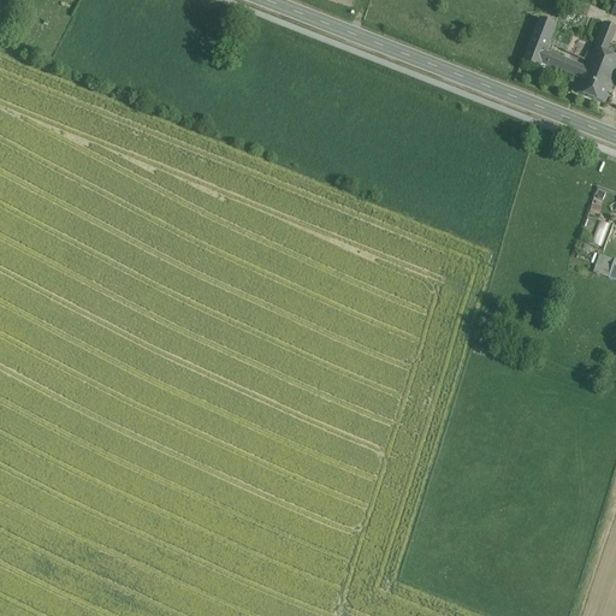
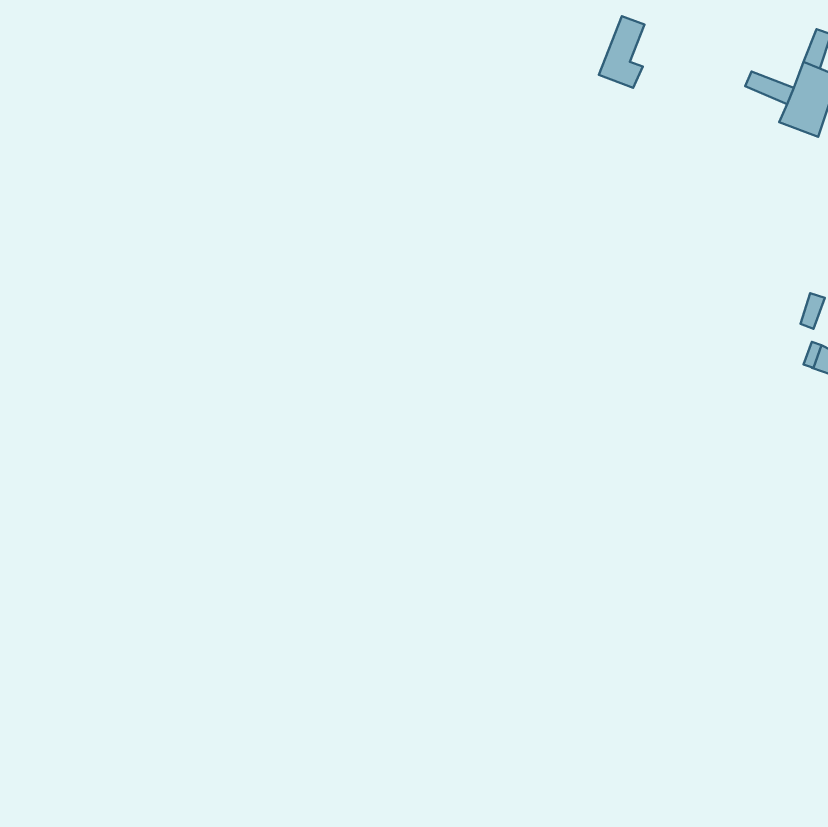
building: [526,16,559,69] -> [599,16,644,88]

